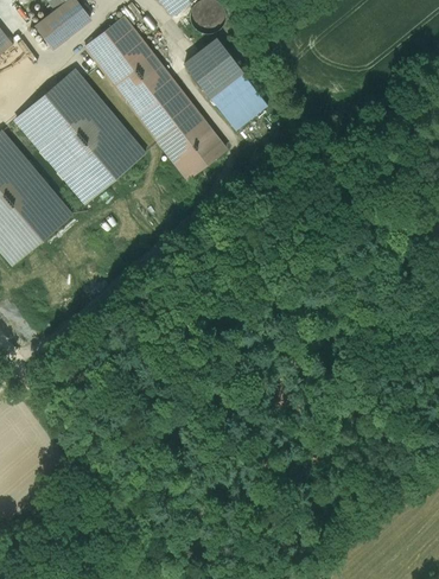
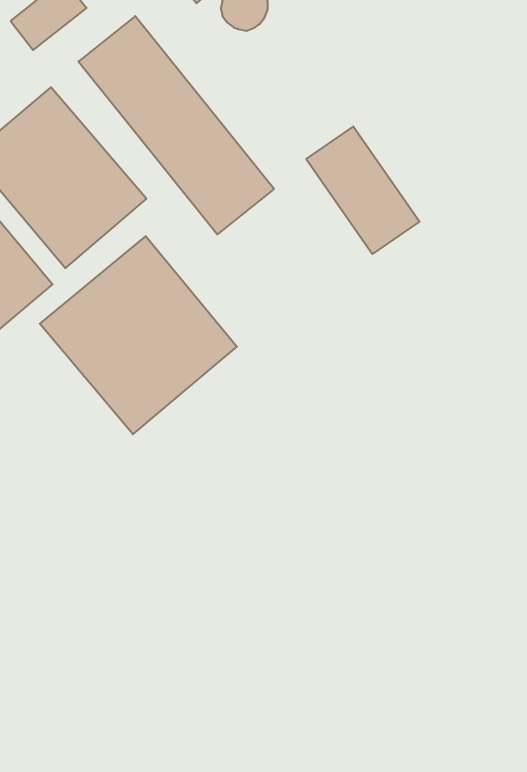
building: [183,36,266,129] -> [306,126,420,254]
building: none -> [40,236,237,434]

